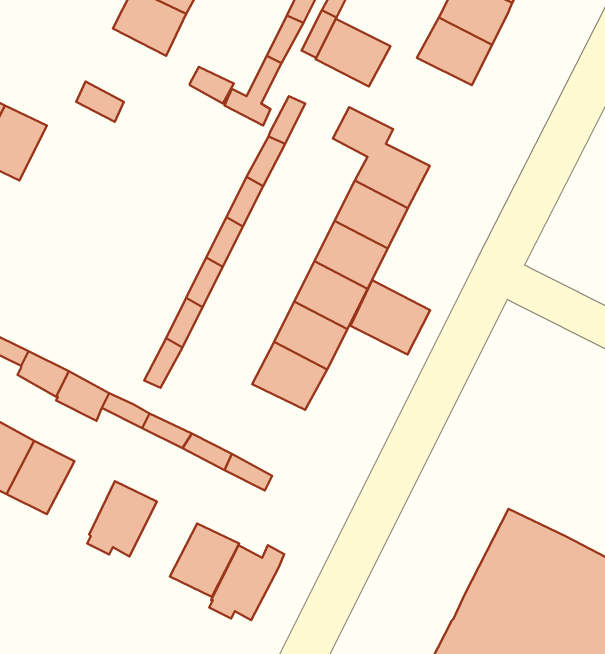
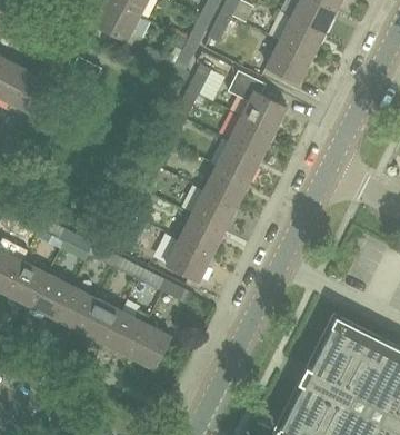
building: [316,19,391,87] -> [267,41,312,82]
building: [350,280,430,354] -> none
building: none -> [167,239,211,280]
building: none -> [54,286,96,330]
building: [209,545,284,620] -> [103,310,149,356]

